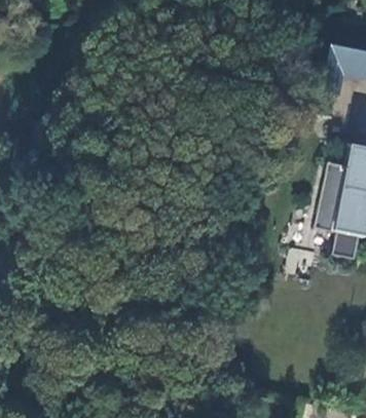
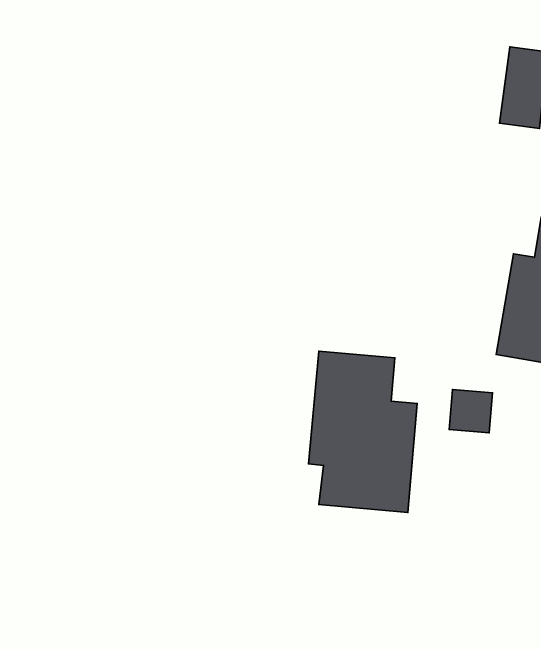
building: none -> [308,351,417,512]

